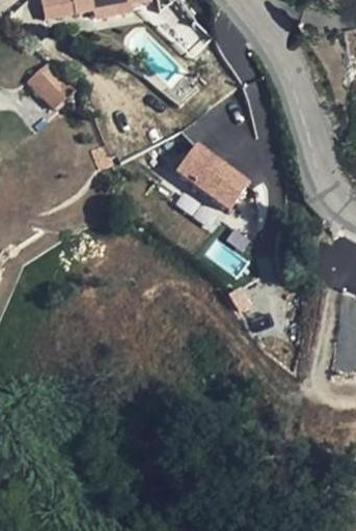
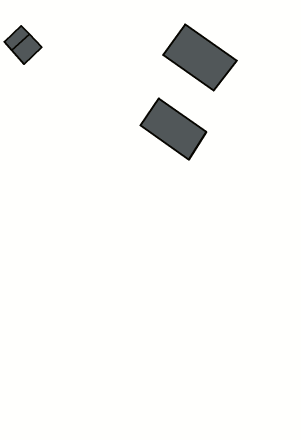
building: none -> [163,24,237,91]

